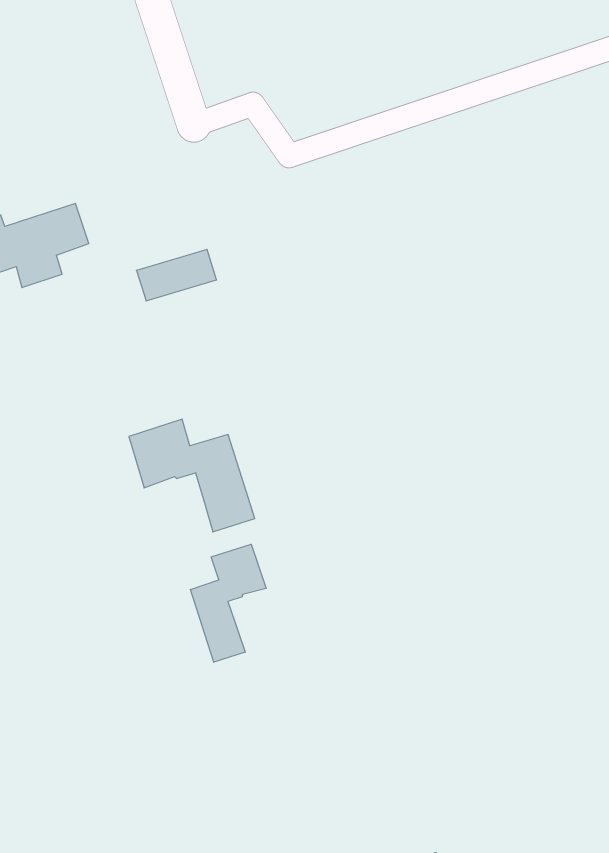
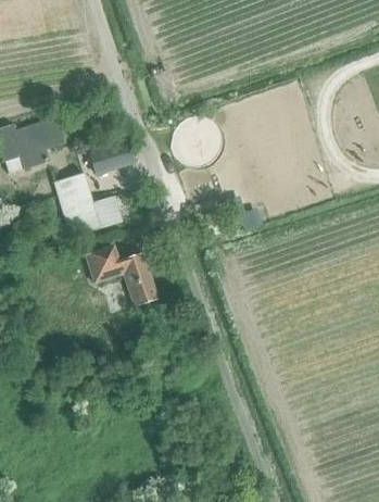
building: none -> [55,174,142,236]
building: [191,544,266,662] -> none

